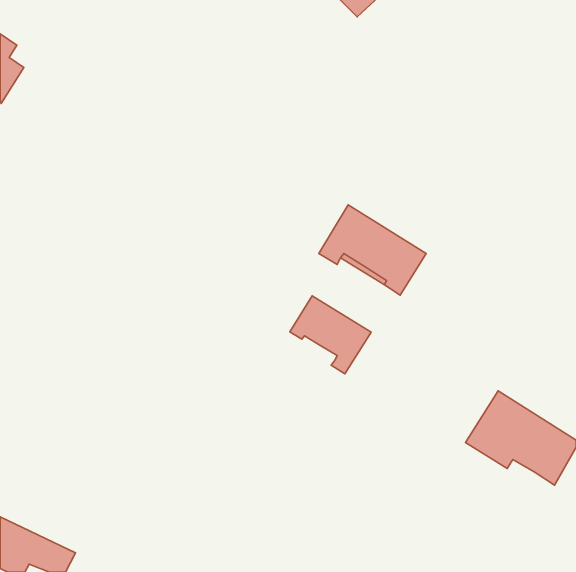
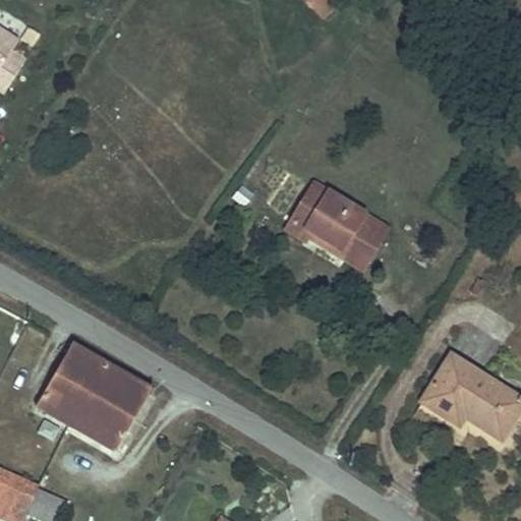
building: [290,296,371,374] -> none
building: none -> [36,343,151,449]

